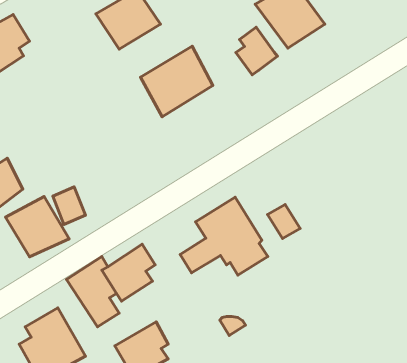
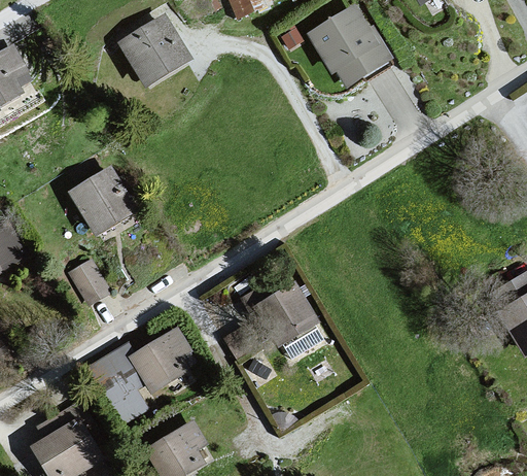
building: [236,27,278,75] -> none
building: [141,46,213,117] -> none
building: [5,197,69,257] -> [68,168,144,240]
building: [268,205,300,239] -> none

